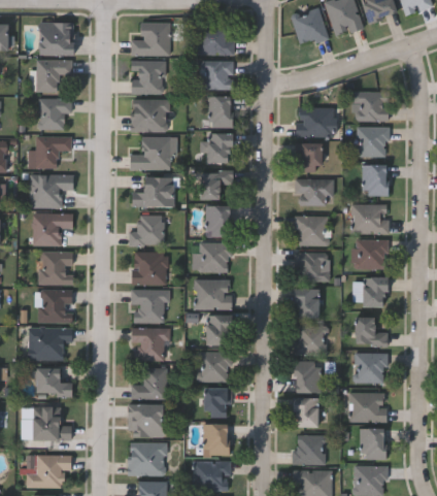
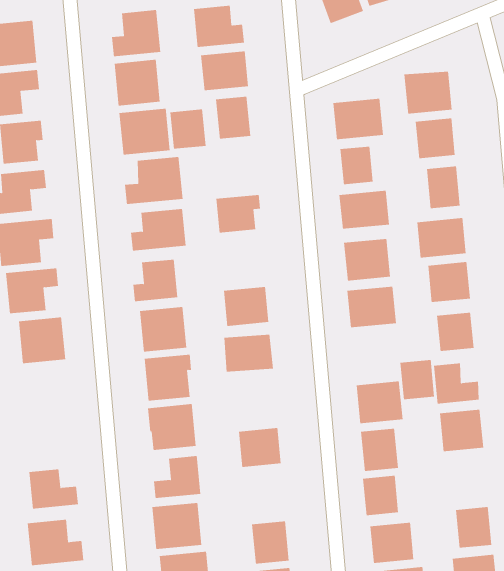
building: [206,134,232,163] -> [170,109,206,149]
building: [206,205,232,236] -> none
building: [294,289,318,318] -> [399,359,435,400]
building: [39,290,73,323] -> none
building: [205,316,233,345] -> none
building: [28,328,72,360] -> none
building: [203,388,231,418] -> none
building: [350,393,386,422] -> none

